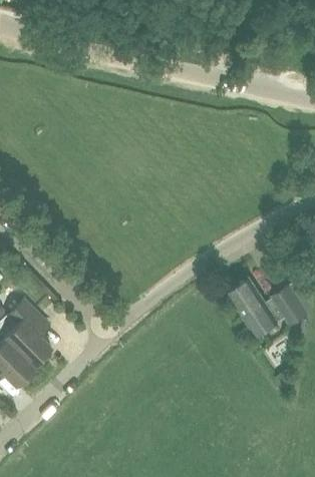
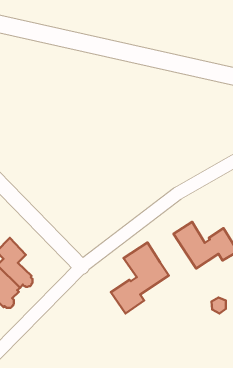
building: none -> [111,243,169,313]

